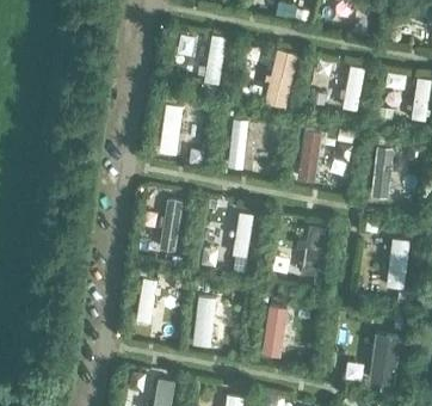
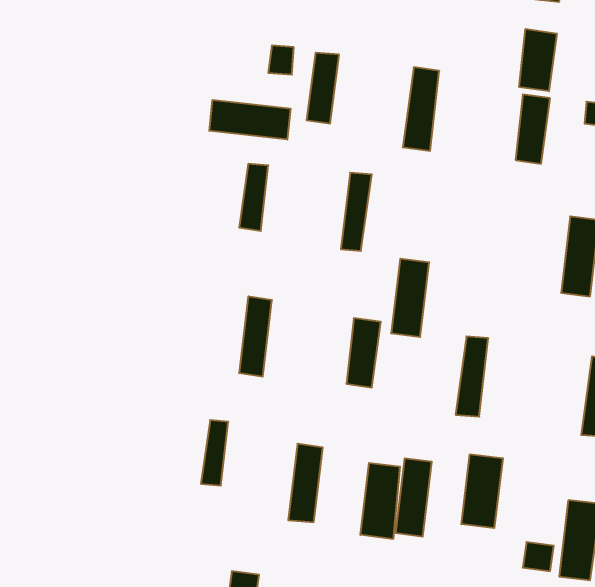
building: none -> [519,29,557,91]
building: none -> [209,100,290,140]
building: [297,129,322,180] -> [391,259,429,337]
building: none -> [461,454,503,528]
building: none -> [360,463,400,539]

